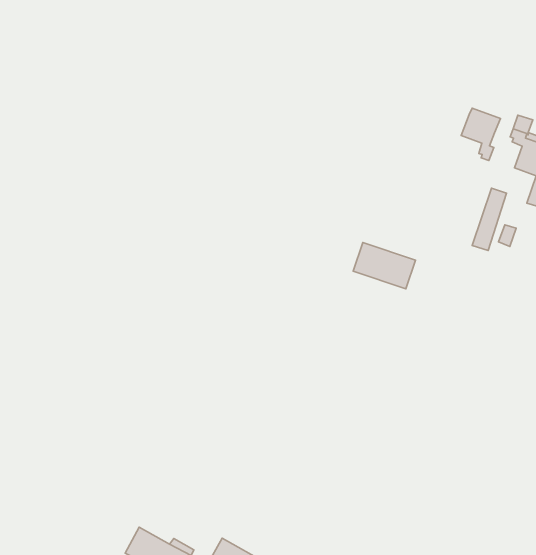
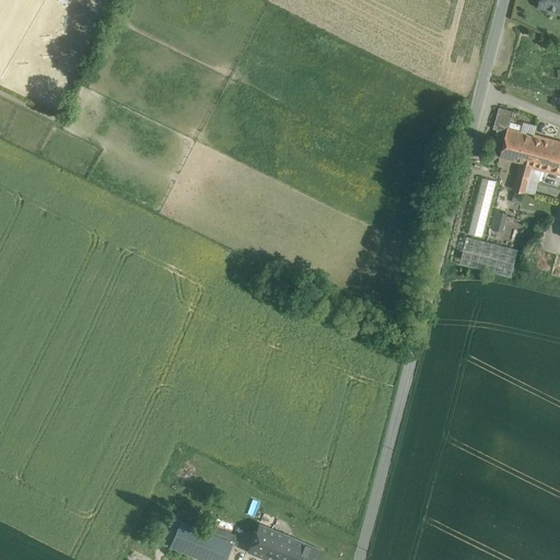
building: [461,108,500,161] -> none
building: [353,243,416,289] -> [460,237,517,277]

